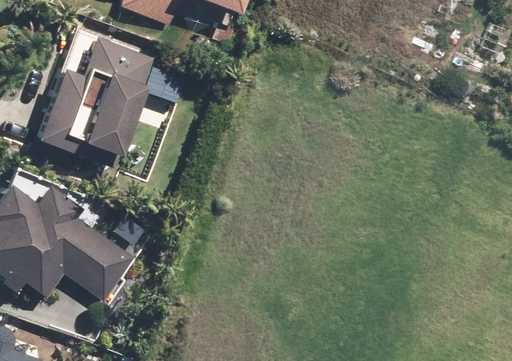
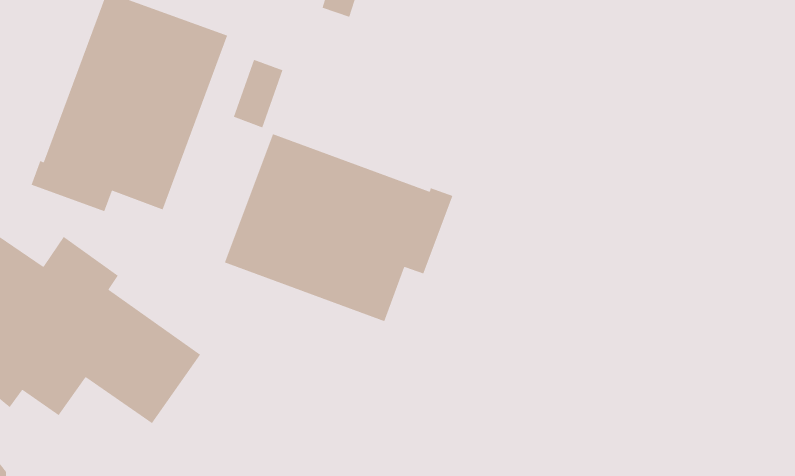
building: none -> [224,133,453,322]

